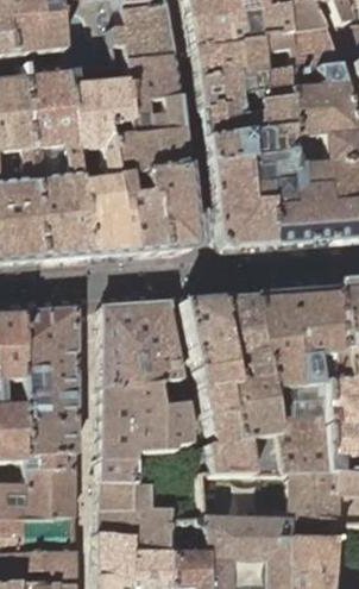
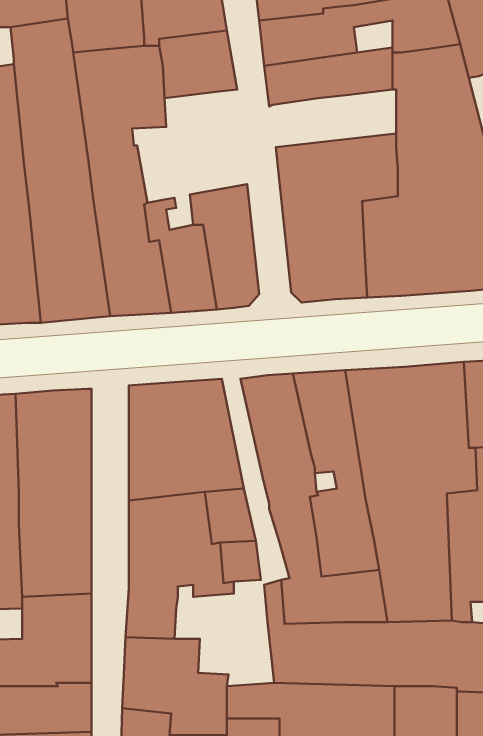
building: [111,96,188,176] -> none
building: [206,96,292,137] -> none

